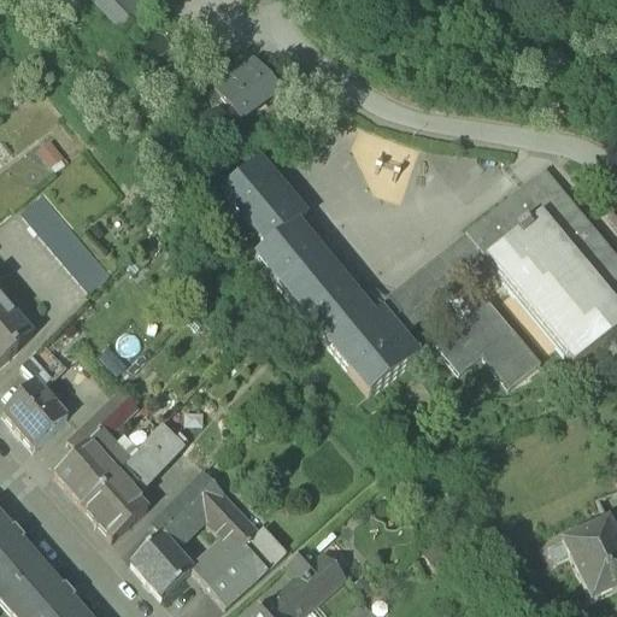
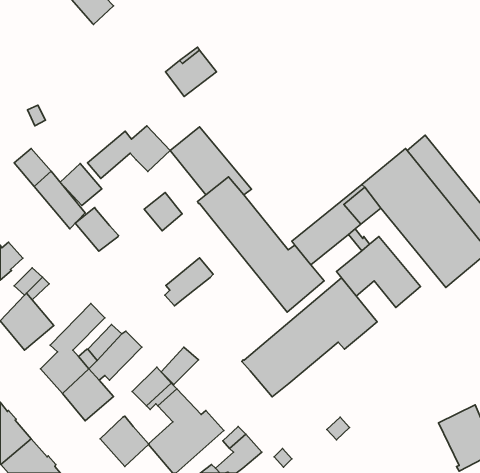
building: none -> [88,126,170,179]
building: none -> [60,163,102,206]
building: none -> [144,192,182,231]
building: none -> [75,207,119,251]
building: none -> [165,258,213,306]
building: none -> [242,278,377,397]
building: none -> [161,347,198,385]
building: [151,499,195,543] -> none

